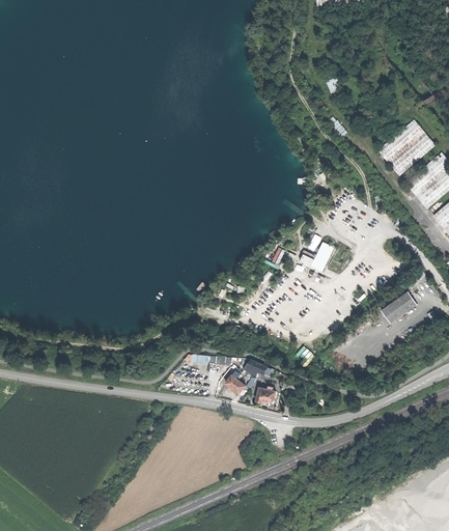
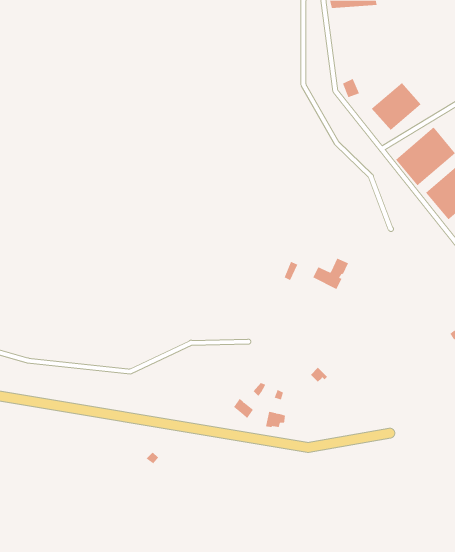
building: none -> [371,82,422,131]
building: [382,291,417,324] -> none

